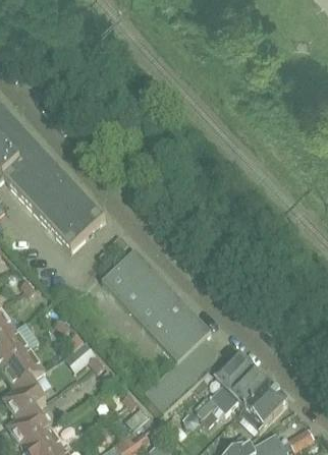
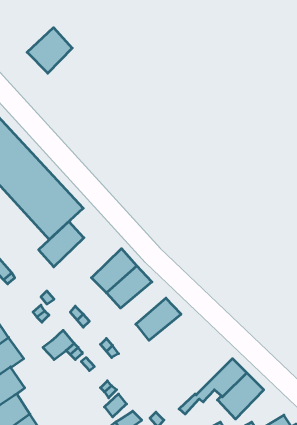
building: none -> [27,28,72,73]
building: [98,243,144,289] -> [39,222,84,267]
building: [143,293,188,336] -> none
building: [197,357,256,421] -> none

